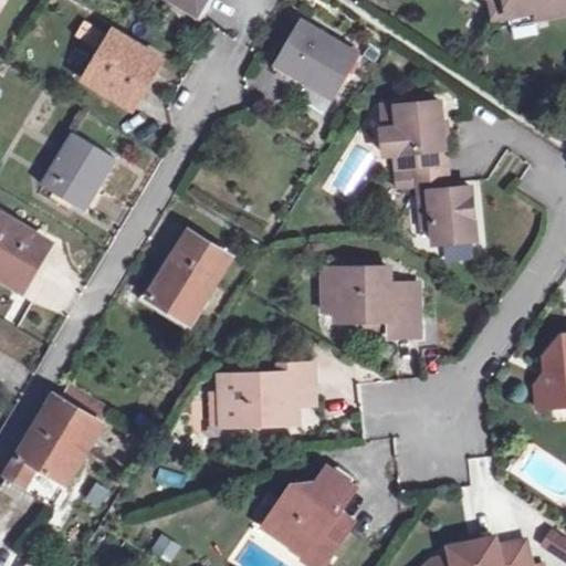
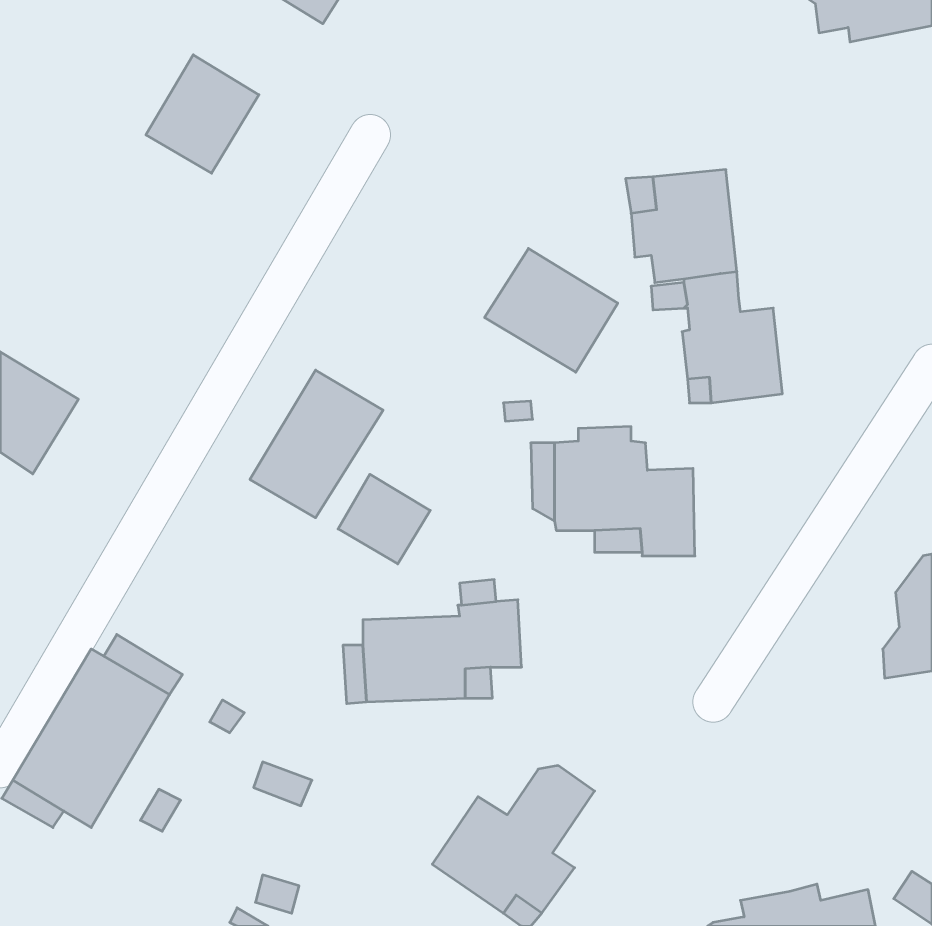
building: [275,28,356,103] -> [485,248,618,372]
building: [43,134,114,210] -> none
building: none -> [338,474,430,564]

